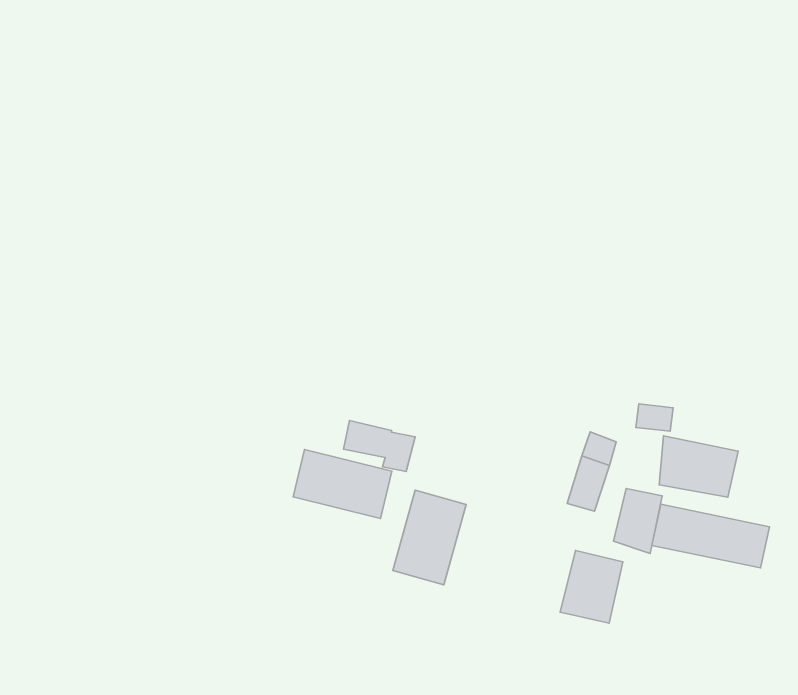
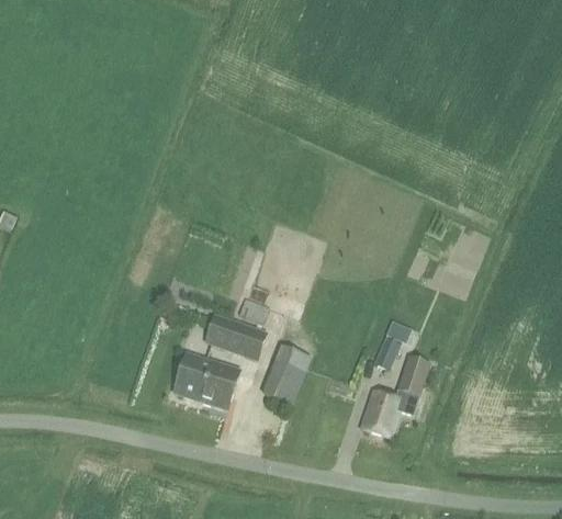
building: [659,436,738,497] -> none
building: [652,504,770,568] -> none
building: none -> [175,353,240,410]

